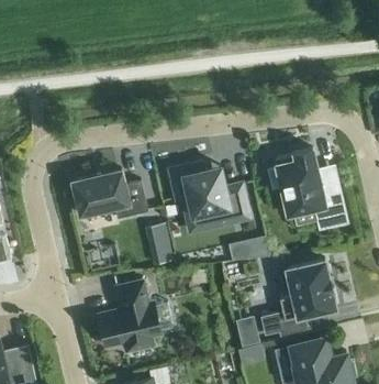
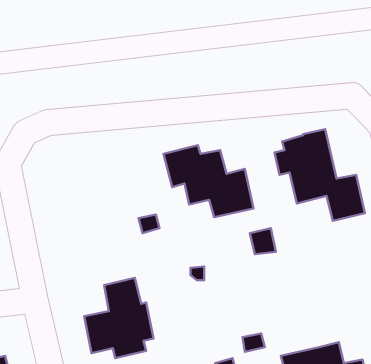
building: [73,171,148,220] -> none
building: [261,261,336,336] -> none

